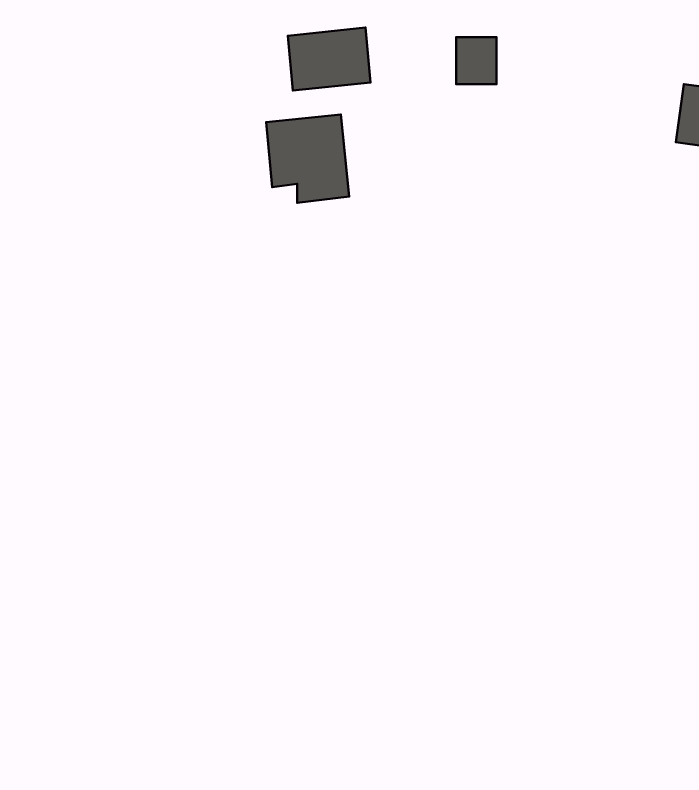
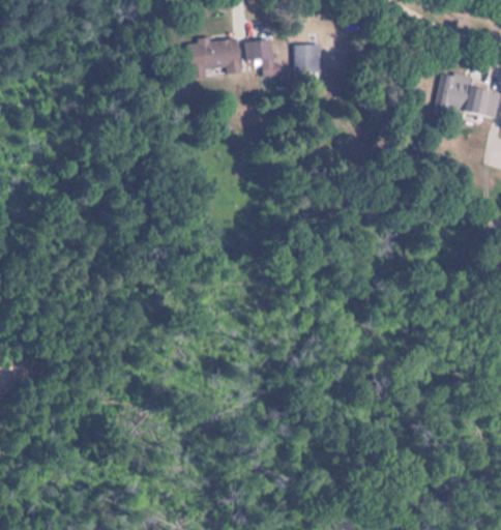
building: none -> [245,38,277,79]
building: [266,115,349,203] -> none

